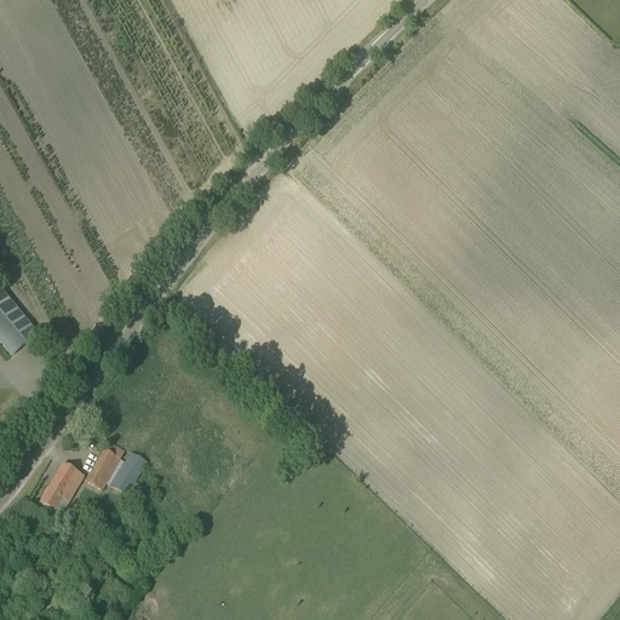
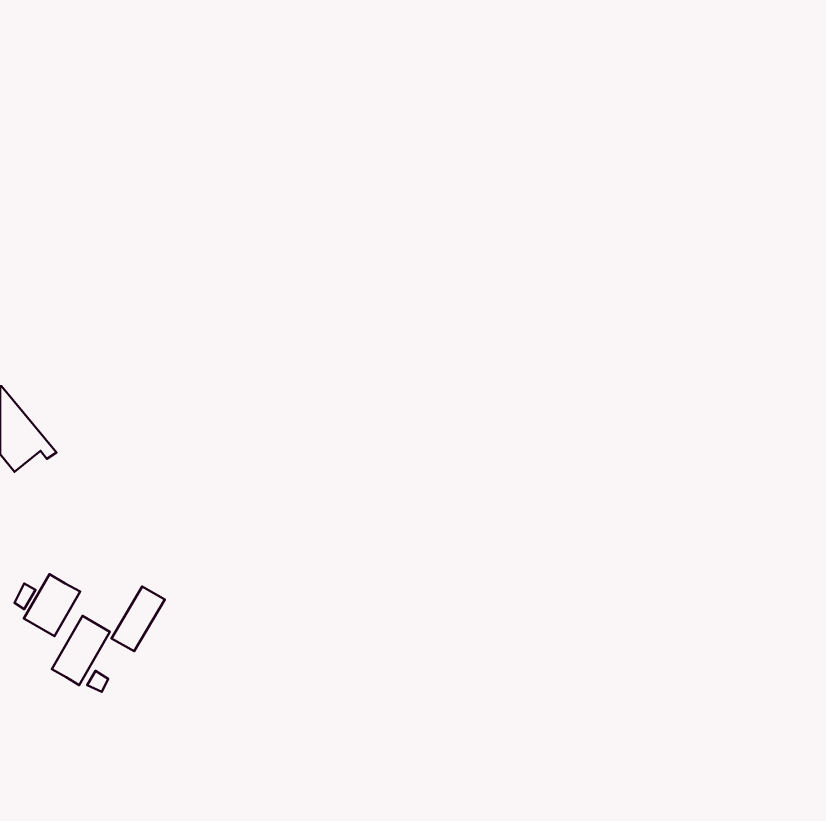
building: none -> [24,574,80,636]
building: [108,449,145,494] -> none

